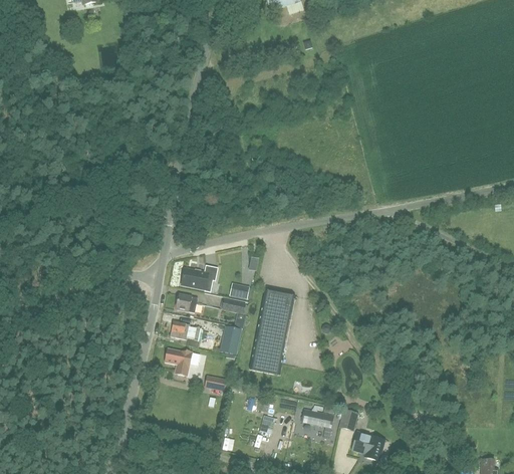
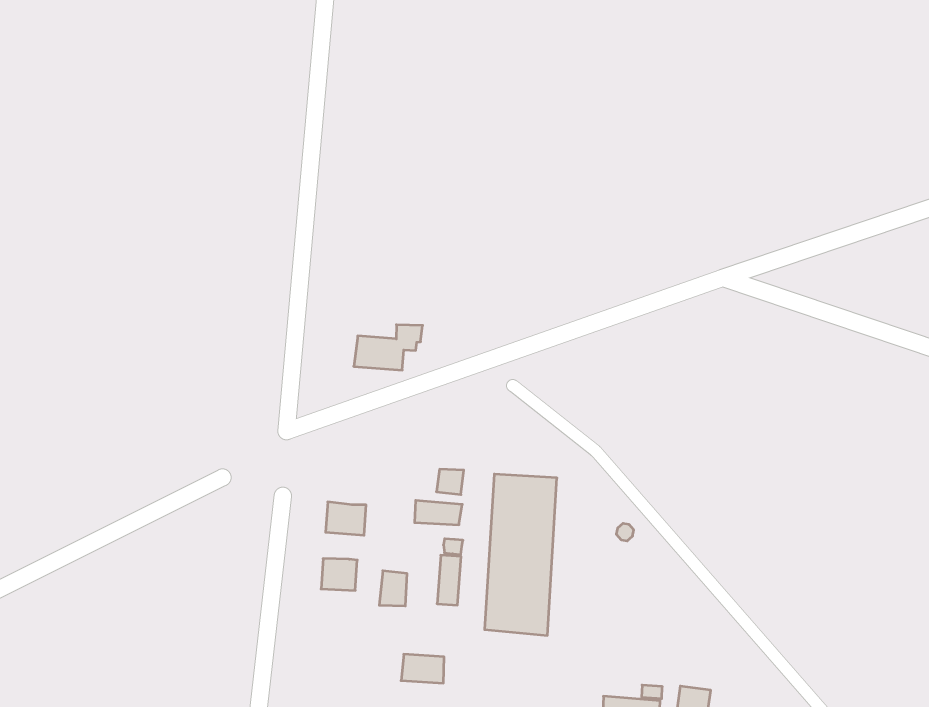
building: [180,265,217,288] -> [354,325,423,370]
building: [164,348,197,376] -> none

